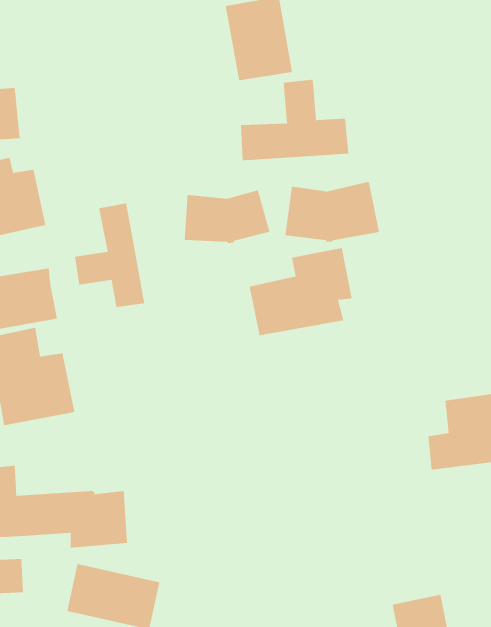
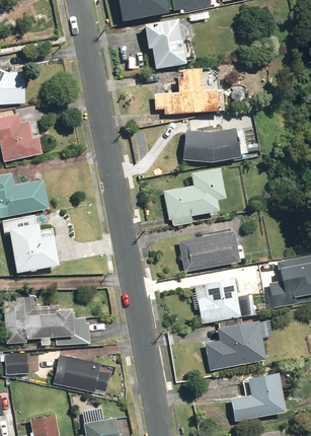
building: [184,190,270,244] -> none
building: [75,202,145,308] -> none
building: none -> [180,231,239,271]
building: none -> [196,277,265,370]

